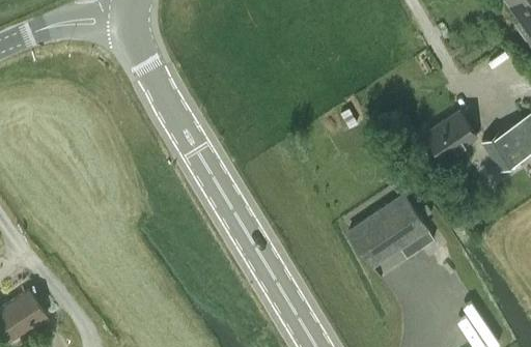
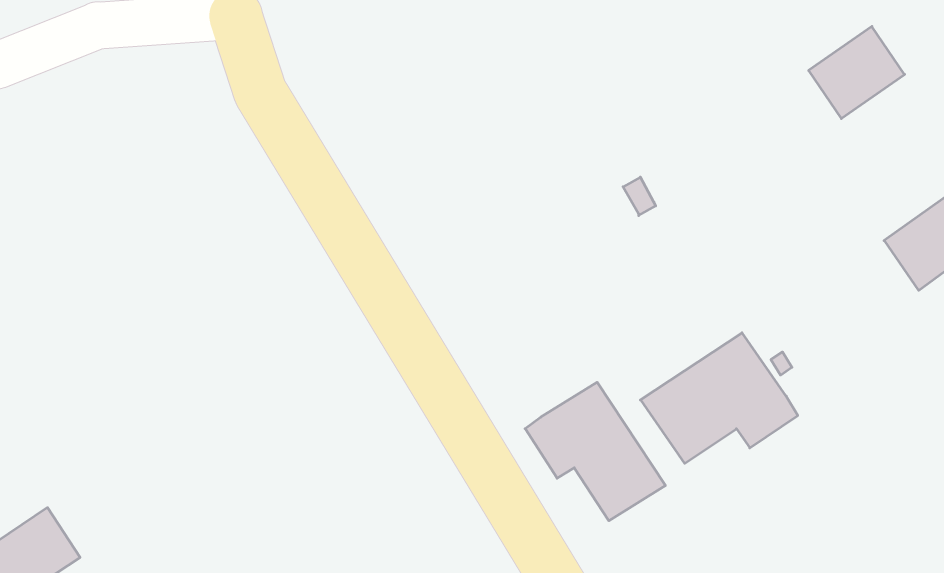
building: [424,113,476,163] -> [809,26,905,119]
building: none -> [525,382,665,521]

